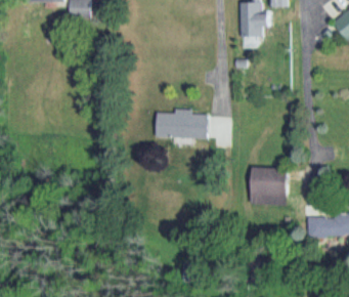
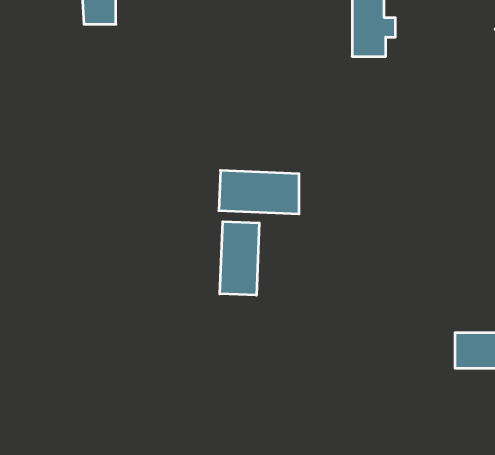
building: none -> [220,222,259,295]
building: [251,167,287,205] -> none

